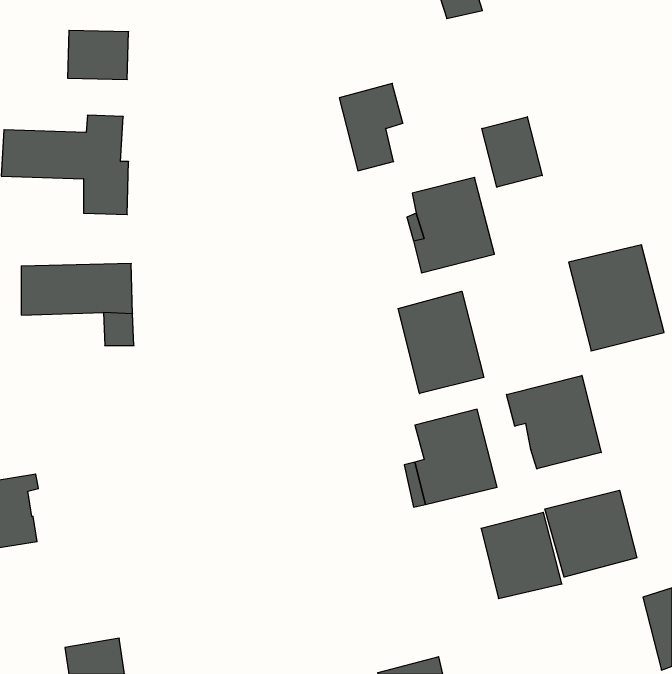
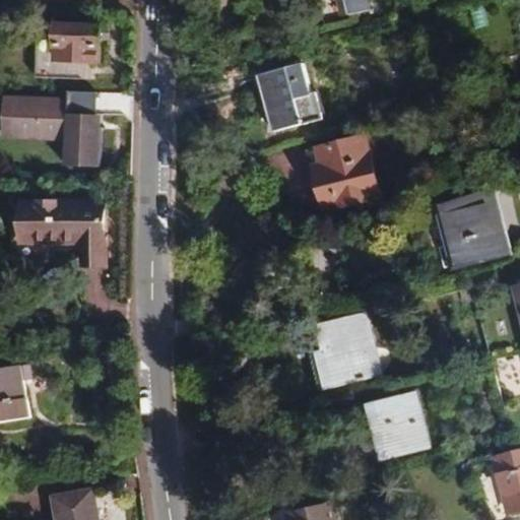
building: [482,117,542,187] -> none
building: [398,291,484,394] -> none
building: [507,375,601,469] -> none
building: [545,490,637,577] -> none

